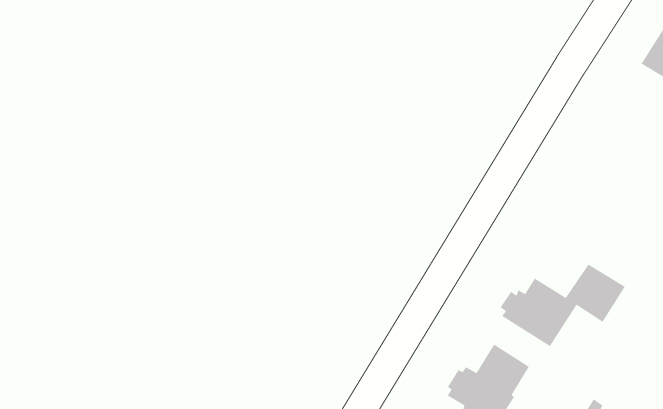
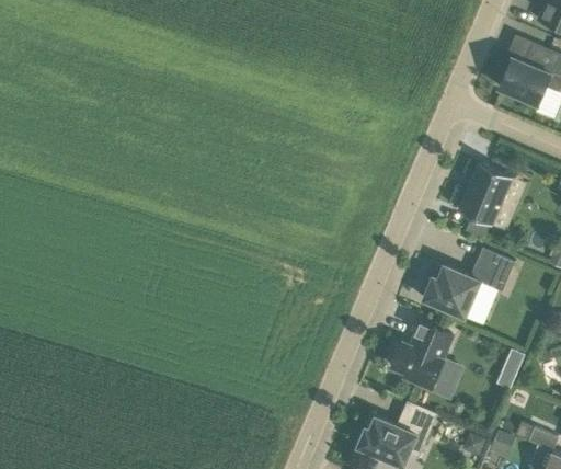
building: none -> [459,162,514,238]

